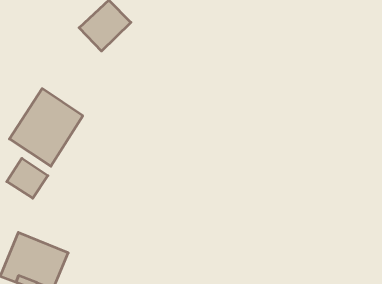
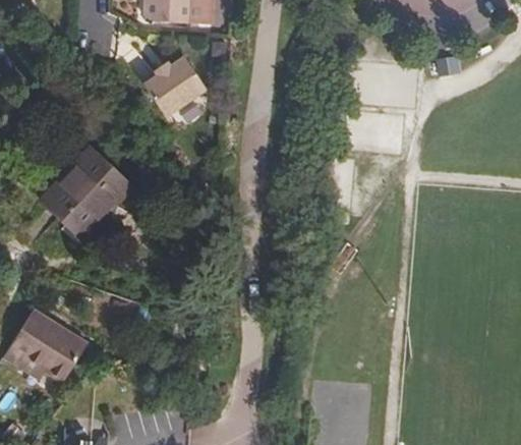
building: [7,158,48,198] -> none

